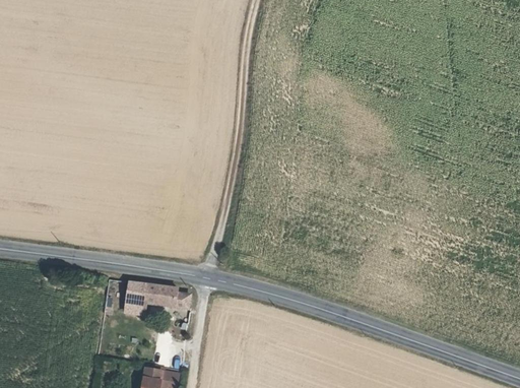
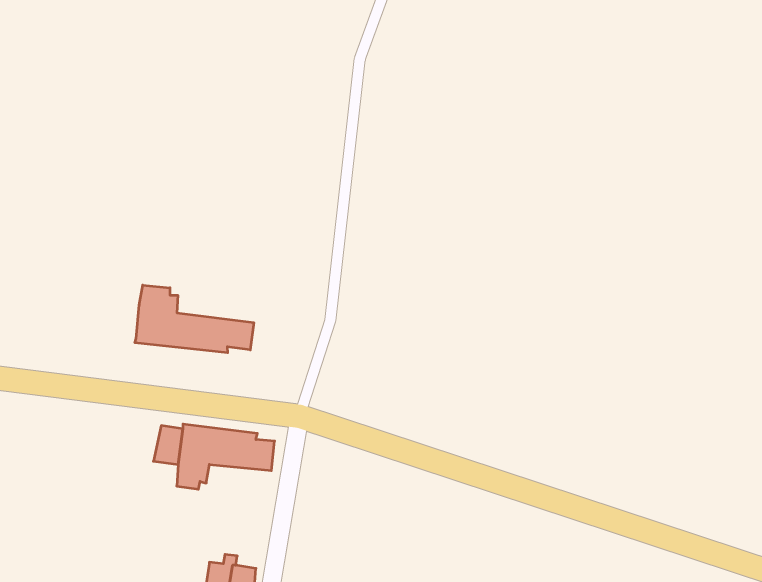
building: none -> [135,285,254,353]

